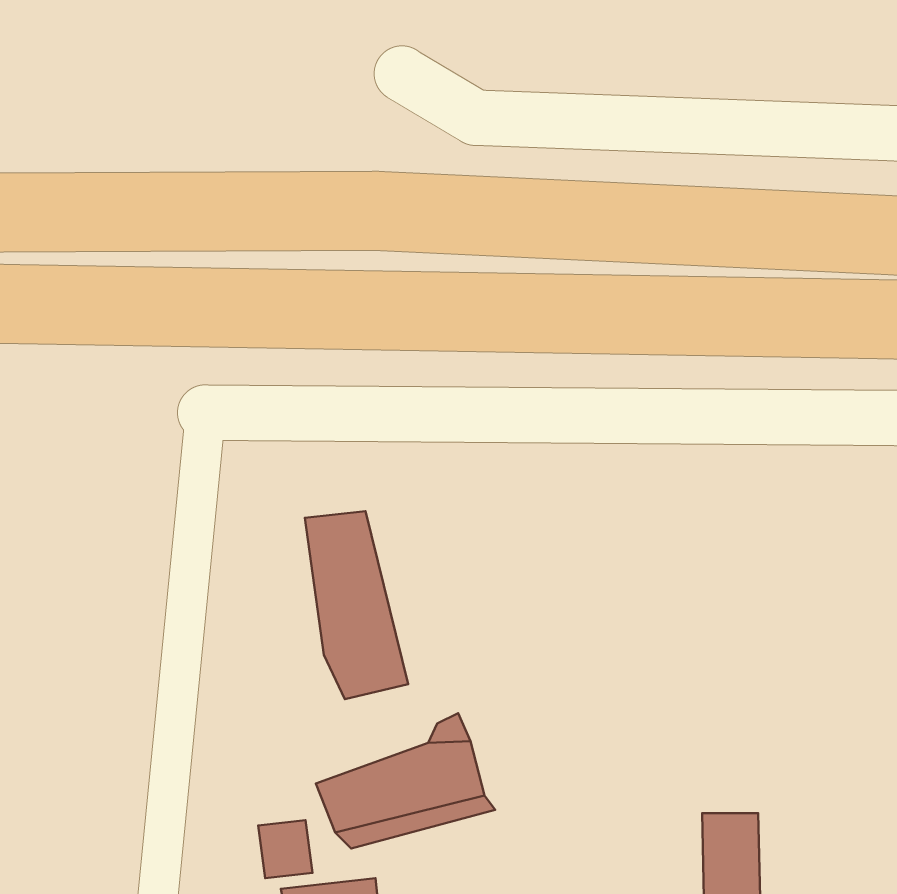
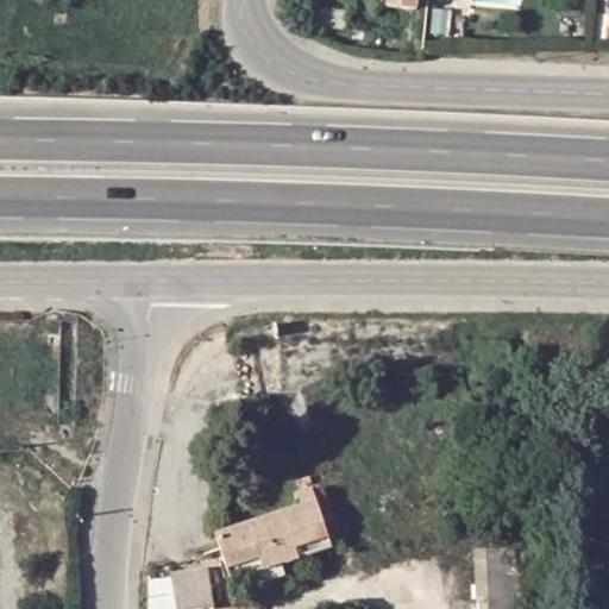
building: [305,511,408,699] -> none

